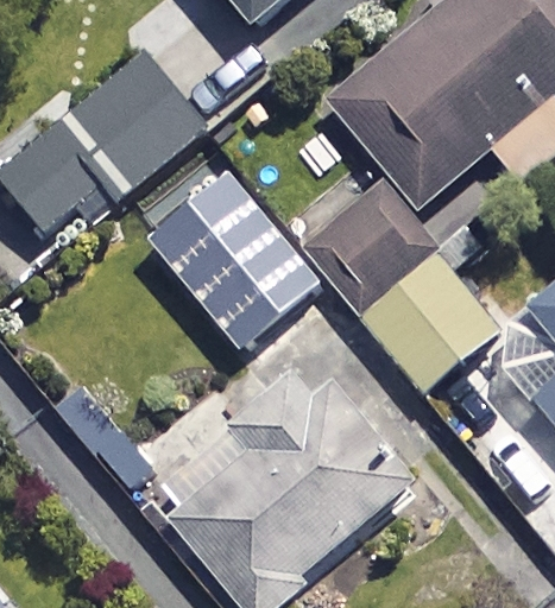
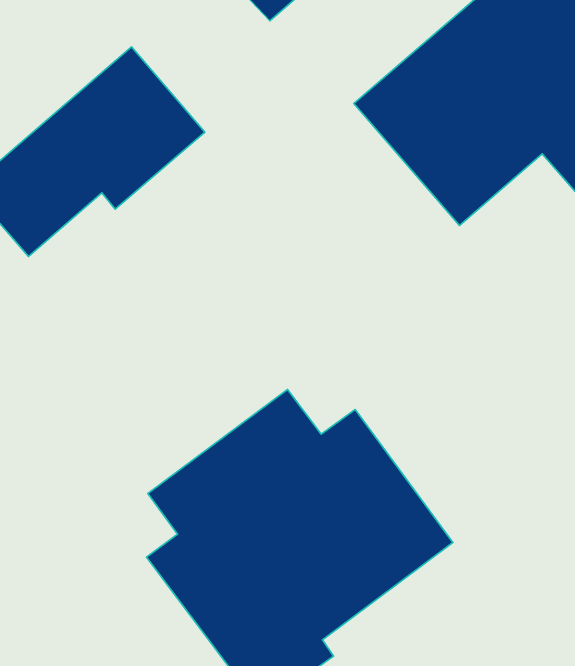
building: [303,185,499,391] -> none
building: [175,200,330,356] -> none

